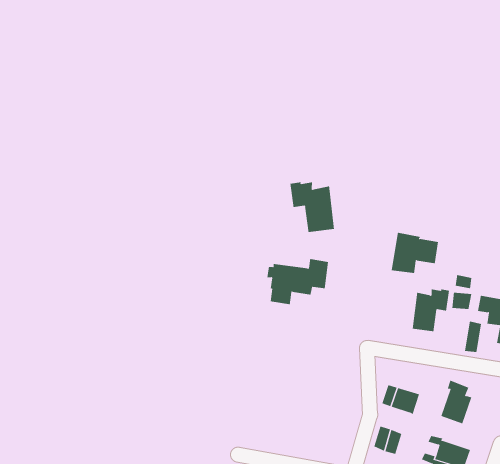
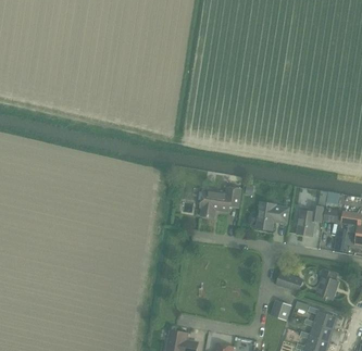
building: [290,181,335,233] -> none
building: [391,232,439,274] -> [255,201,288,229]

